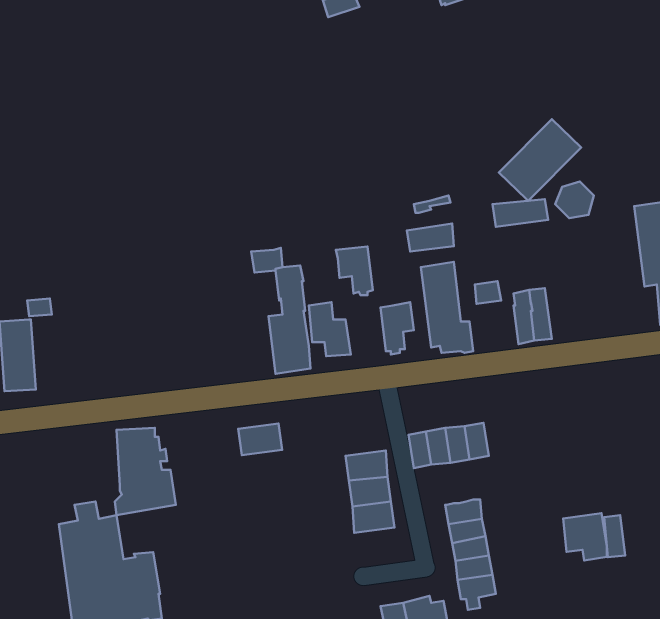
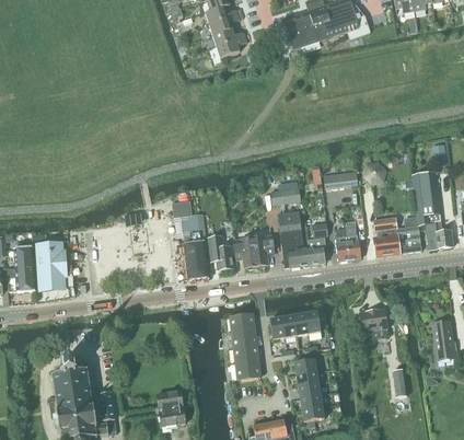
building: [499,119,581,201] -> none
building: [336,246,373,295] -> [233,238,256,268]
building: none -> [373,216,421,255]
building: none -> [308,235,326,265]
building: [238,424,282,455] -> [229,311,256,331]
building: [115,428,176,515] -> [36,245,74,300]
building: [563,513,607,560] -> [360,308,387,337]
building: none -> [156,390,185,428]

